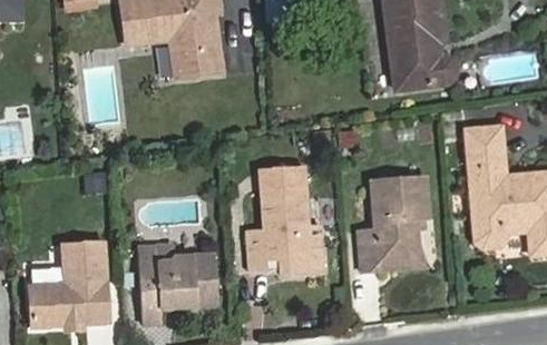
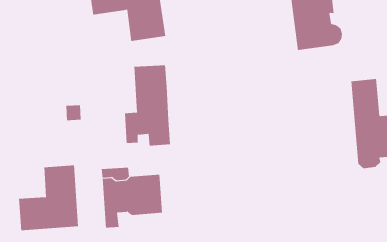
building: [248,167,310,274] -> [124,65,171,146]
building: [358,176,428,270] -> none

